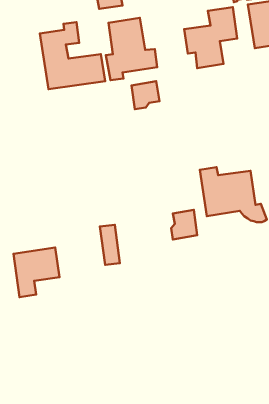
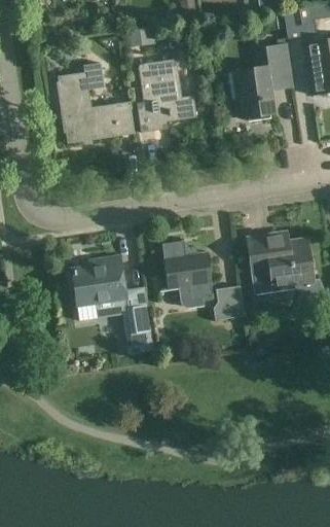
building: [131,81,159,109] -> none
building: none -> [161,241,213,308]
building: [13,248,60,297] -> [71,262,125,321]

